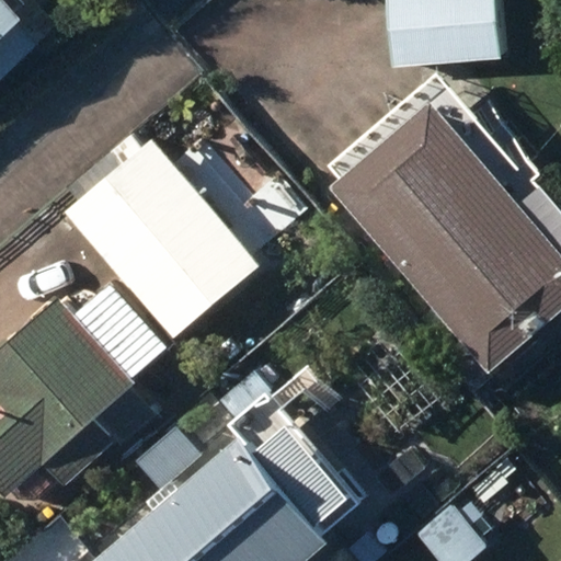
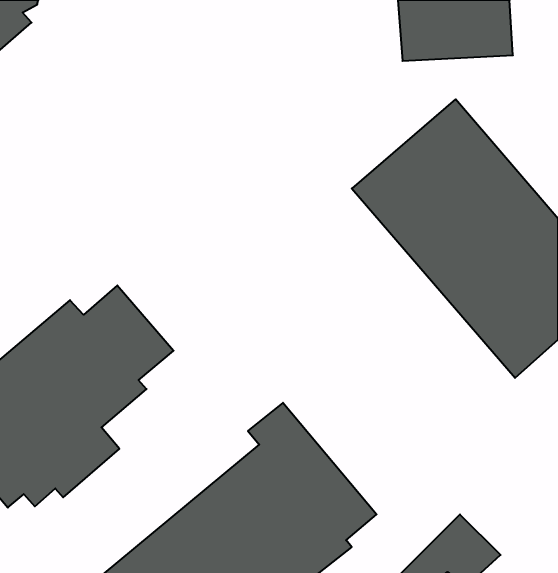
building: [66,131,261,344] -> none

